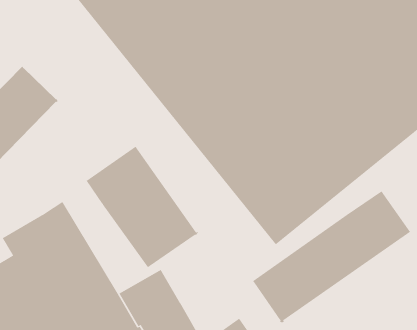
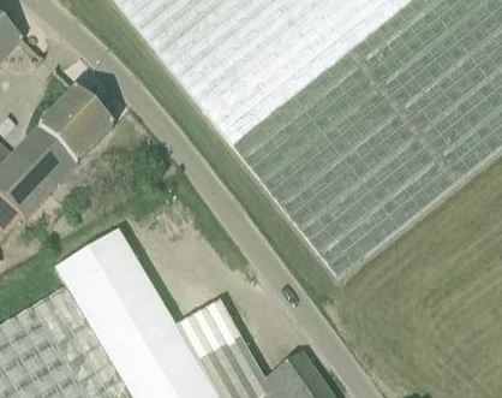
building: [86,146,198,269] -> none
building: [252,190,411,323] -> none

